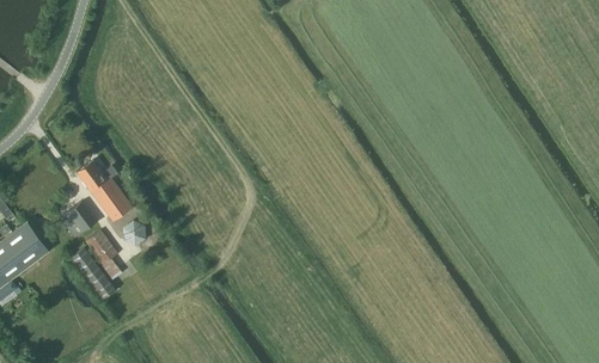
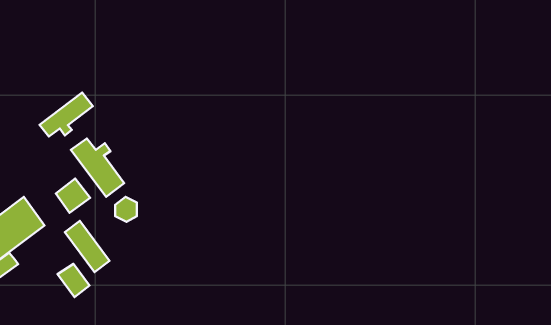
building: none -> [40,93,93,136]
building: [85,230,118,265] -> [58,264,89,297]

